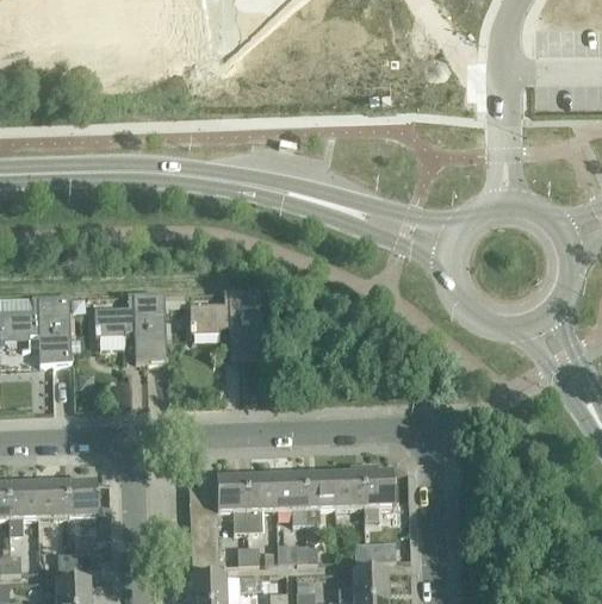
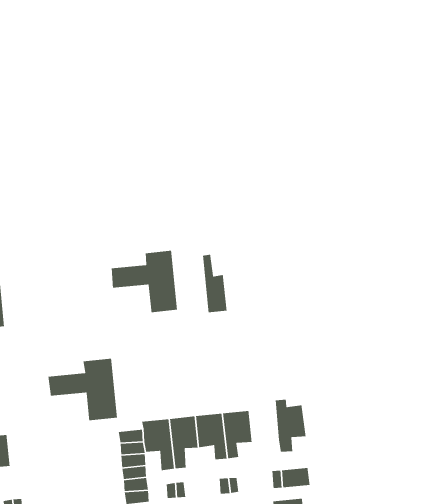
building: [93,293,167,361] -> [48,358,118,421]
building: none -> [202,254,227,313]
building: [334,461,364,506] -> none
building: [67,479,97,516] -> none

